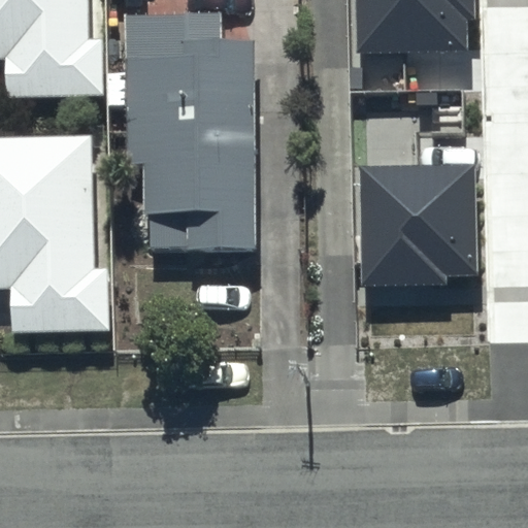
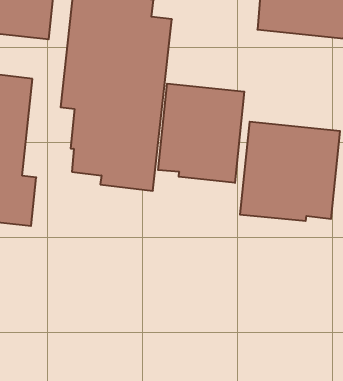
building: none -> [158,84,244,183]

